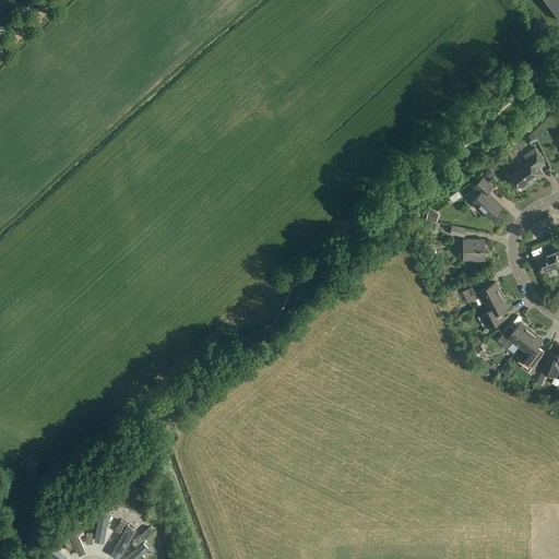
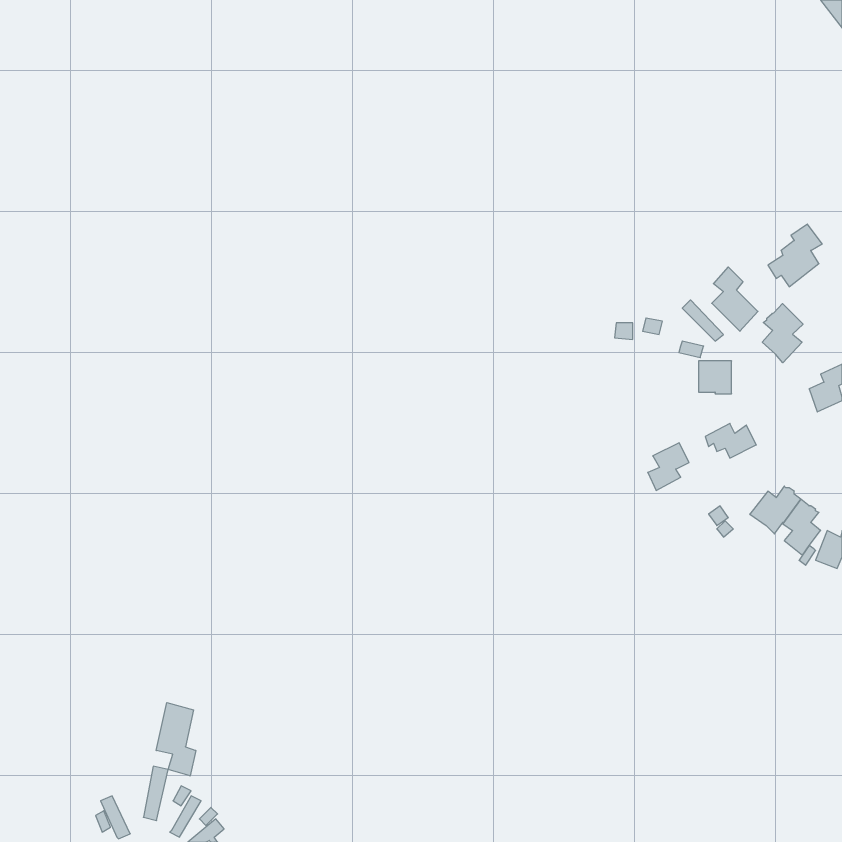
building: none -> [762,304,803,363]
building: [480,295,508,326] -> [648,443,689,490]
building: none -> [156,703,196,776]

